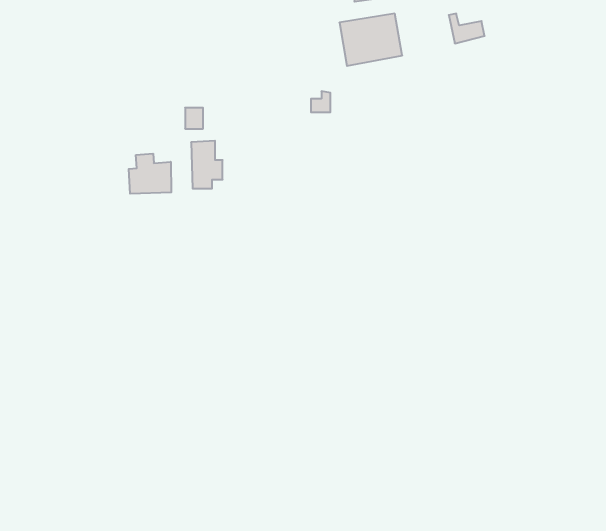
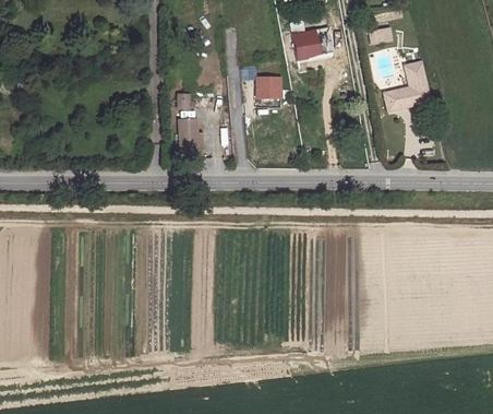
building: none -> [384,61,431,111]
building: [129,154,171,194] -> none

